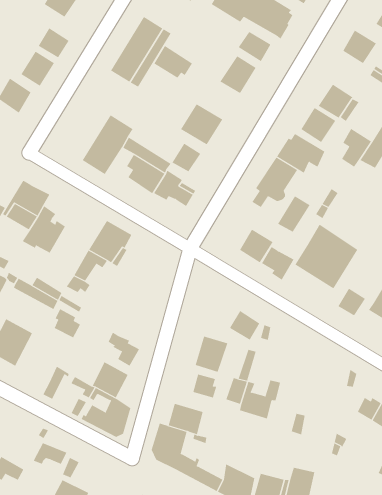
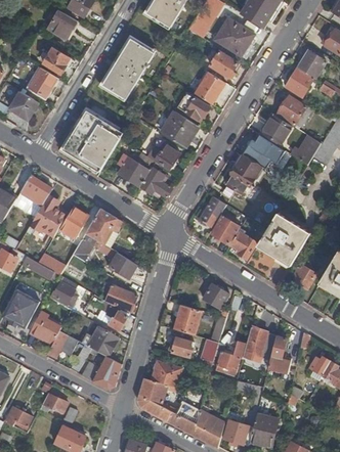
building: [153,45,193,78] -> [177,91,210,119]
building: none -> [286,67,313,96]
building: none -> [63,110,103,159]
building: [277,196,310,232] -> [199,195,226,226]
building: none -> [60,207,89,238]
building: none -> [109,252,137,278]
building: none -> [105,285,137,314]
building: none -> [31,312,61,344]
building: none -> [243,325,266,359]
building: none -> [267,335,291,373]

